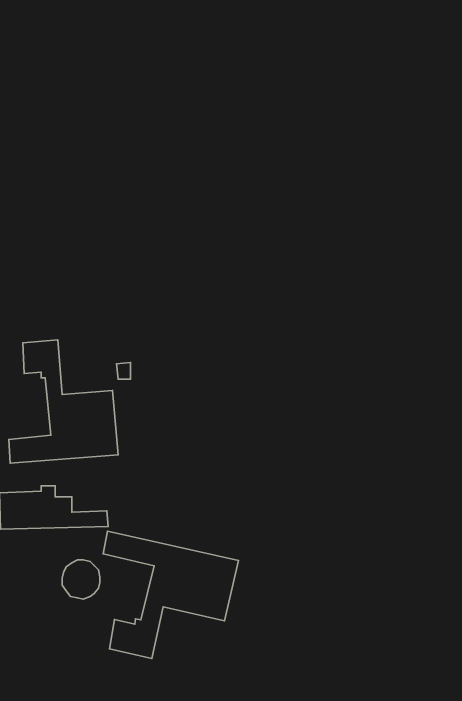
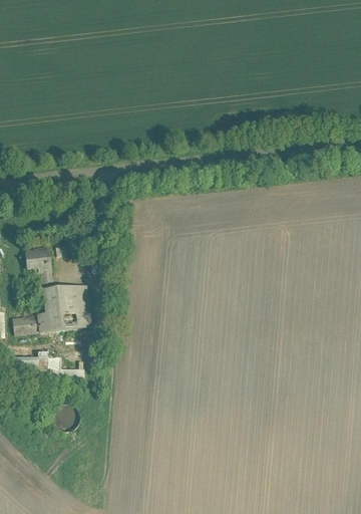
building: [103,531,239,658] -> none

